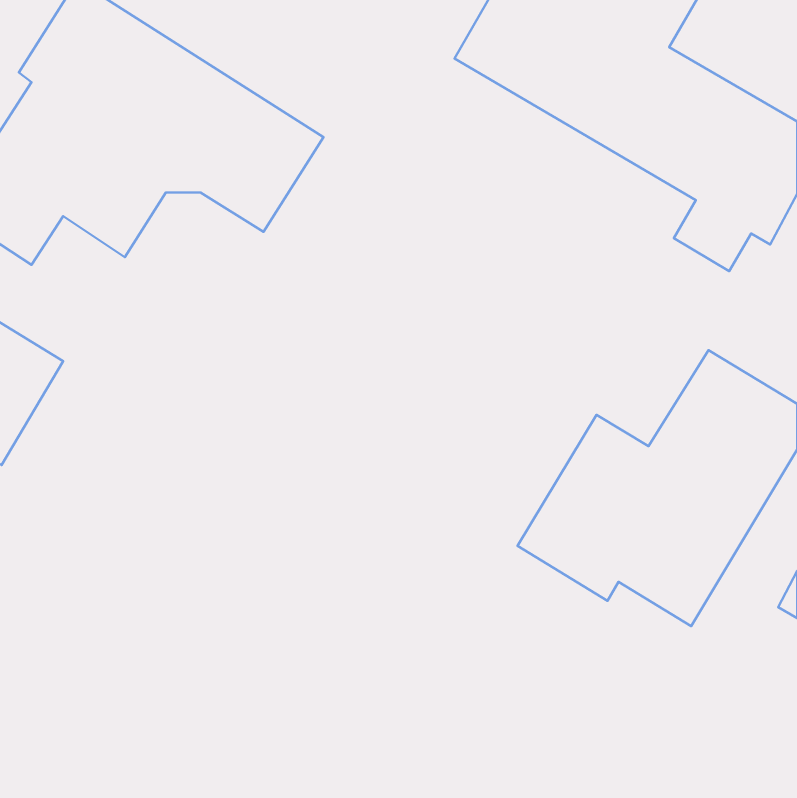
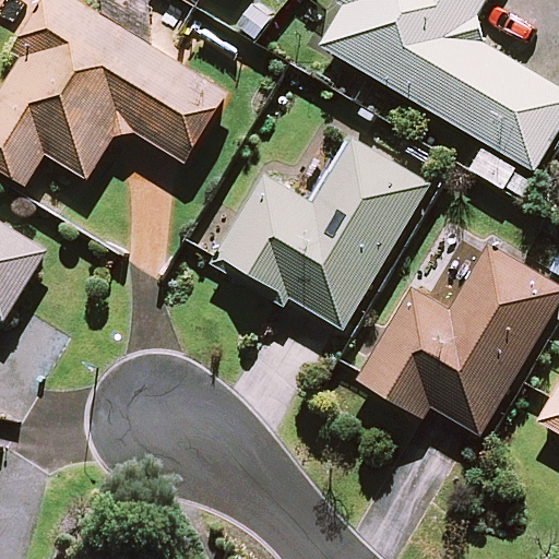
building: none -> [209,136,431,331]

